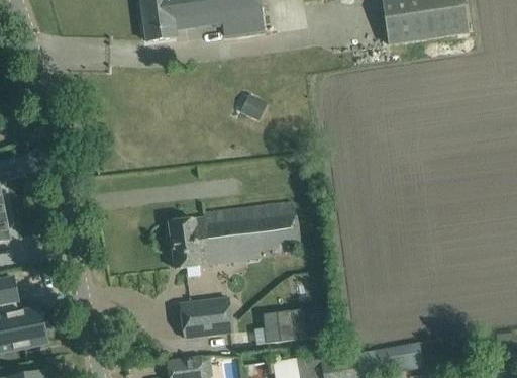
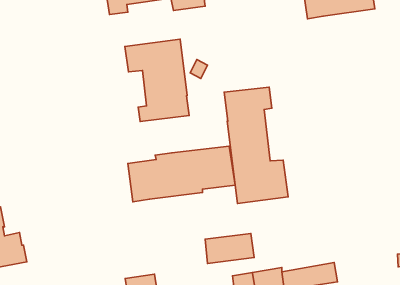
building: none -> [125,39,189,122]
building: none -> [224,87,288,203]
building: [179,295,233,337] -> none

